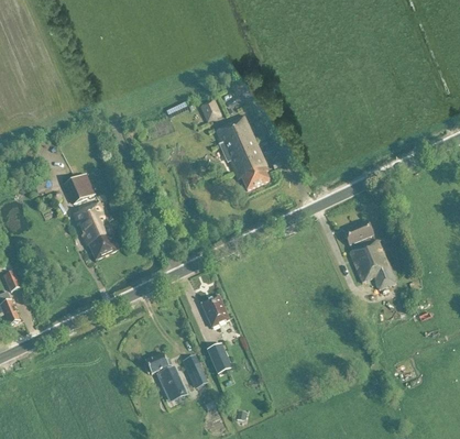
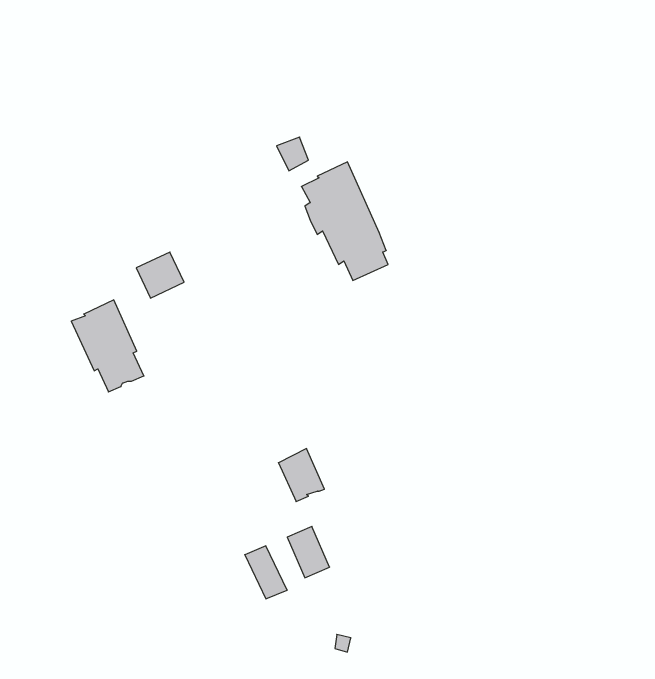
building: [65,174,95,202] -> [136,252,184,298]
building: [343,220,396,289] -> none
building: [145,352,186,398] -> none

